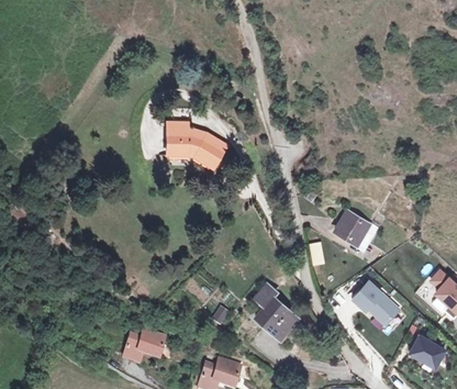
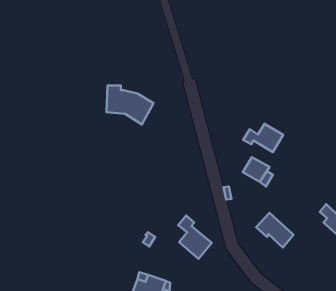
building: none -> [243,124,283,152]
building: [122,331,165,362] -> none
building: [410,335,445,367] -> none

